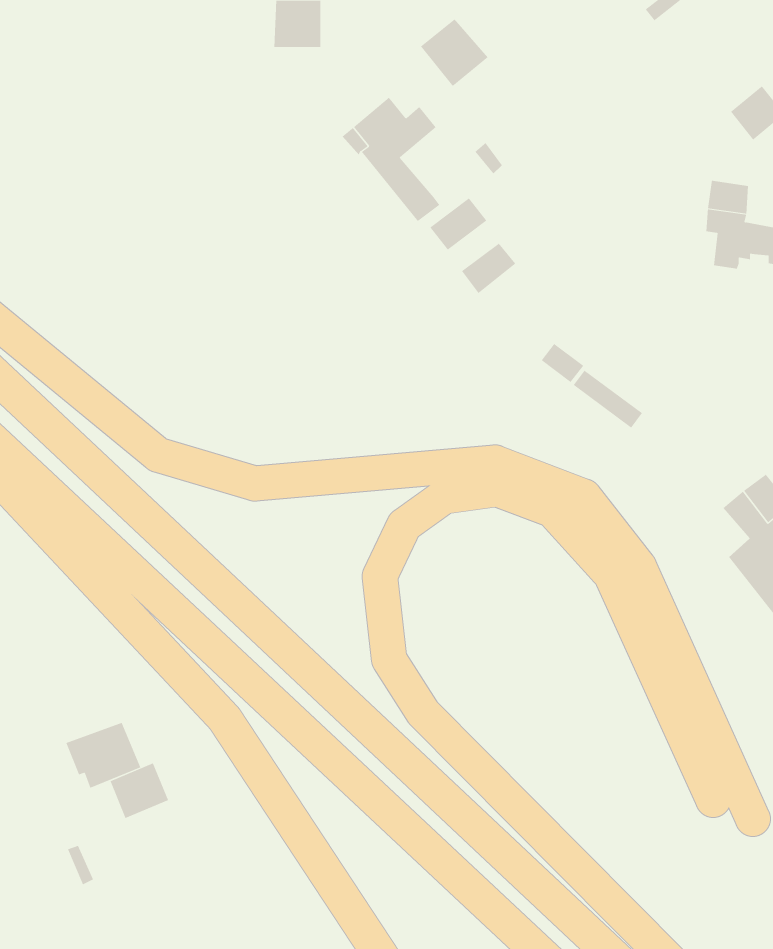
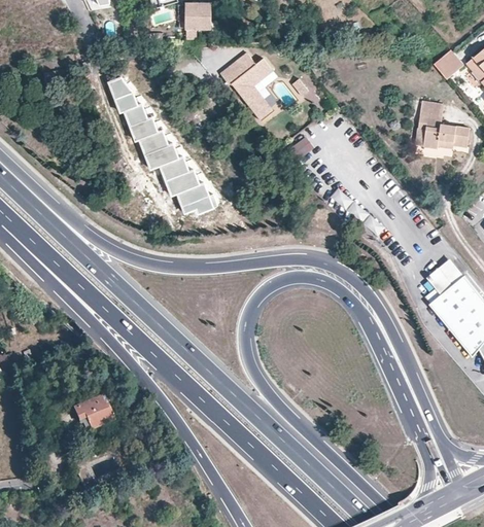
building: [420,18,489,87] -> none
building: none -> [108,76,214,213]
building: [429,198,487,251] -> none
building: [110,763,169,819] -> none

